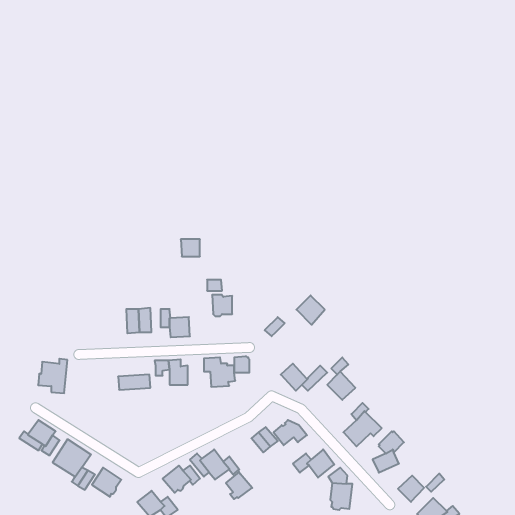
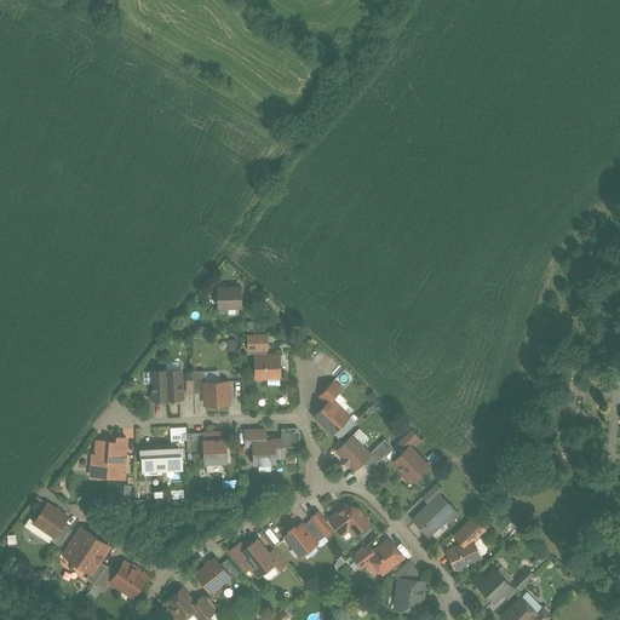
building: [296,295,325,325] -> [314,400,348,435]
building: [38,359,67,393] -> [91,437,126,478]
building: [226,472,252,499] -> [285,524,316,557]

